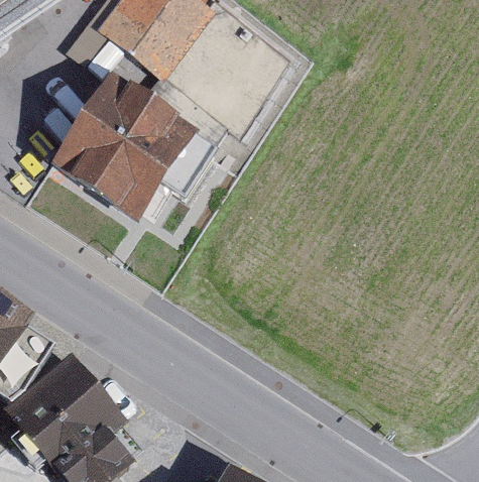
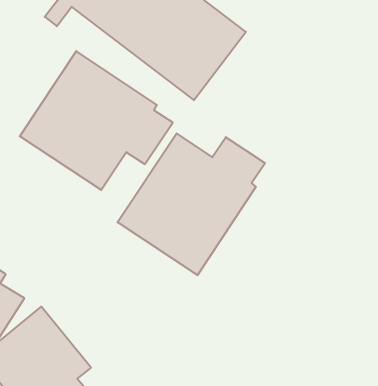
building: none -> [117,133,265,275]

